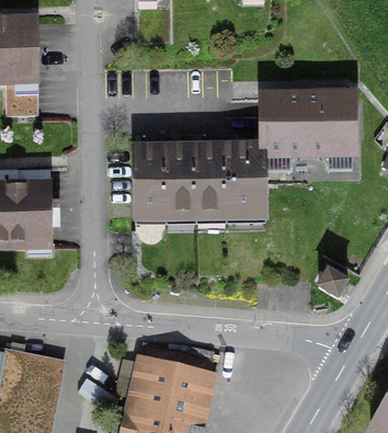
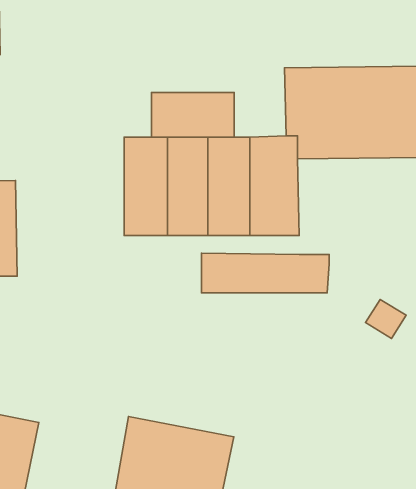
building: none -> [151,93,234,137]
building: none -> [201,253,329,293]

